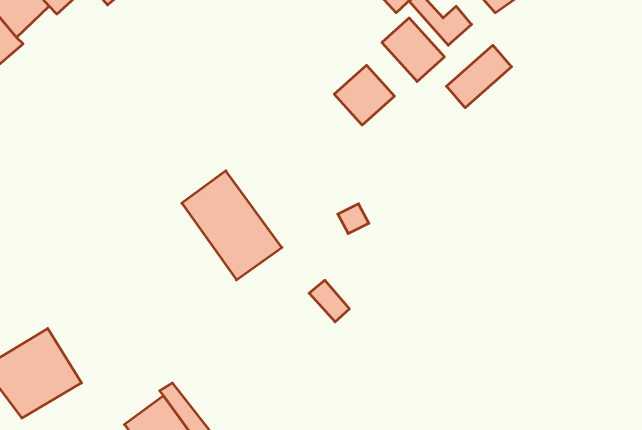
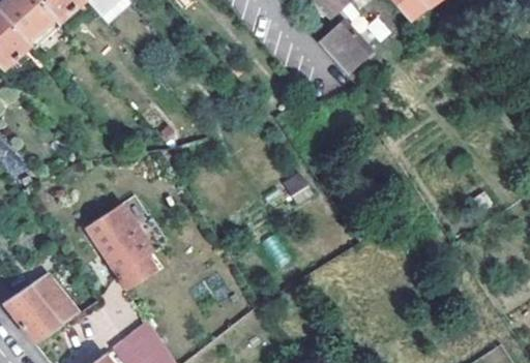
building: [446,45,512,108] -> none
building: [334,65,394,125] -> none
building: [182,171,282,280] -> [79,205,158,292]

